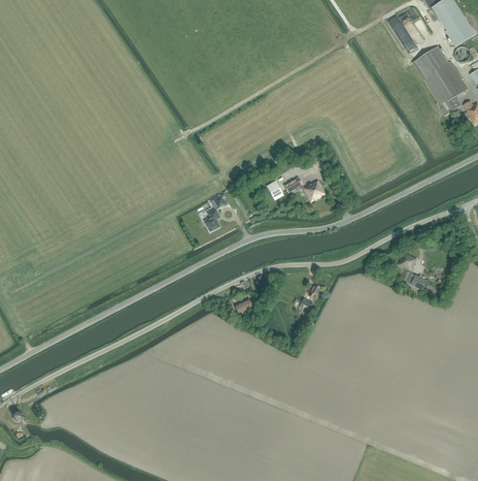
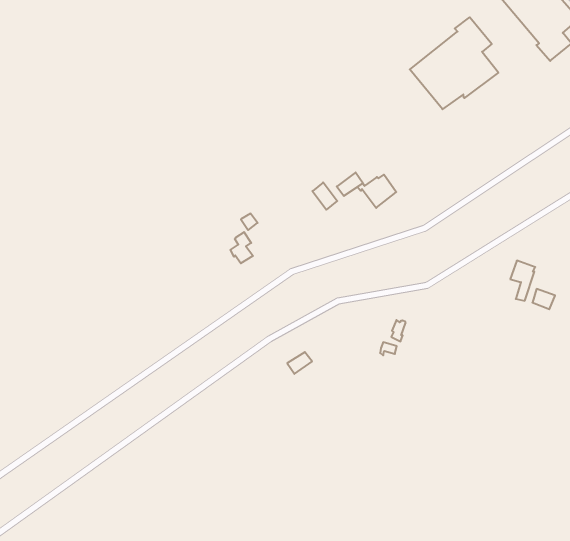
building: none -> [410,17,498,109]

